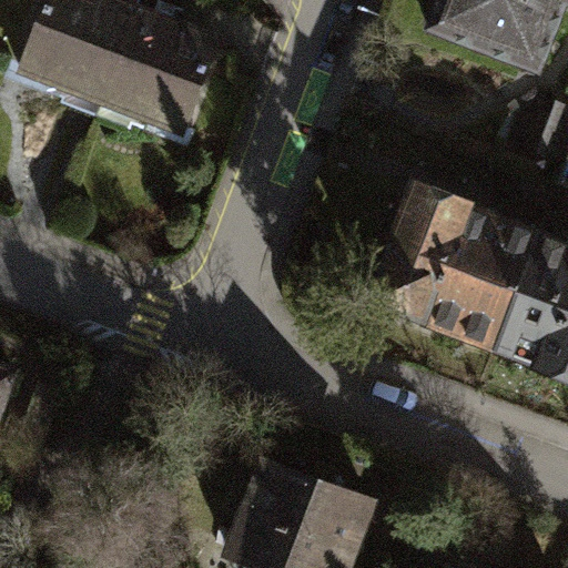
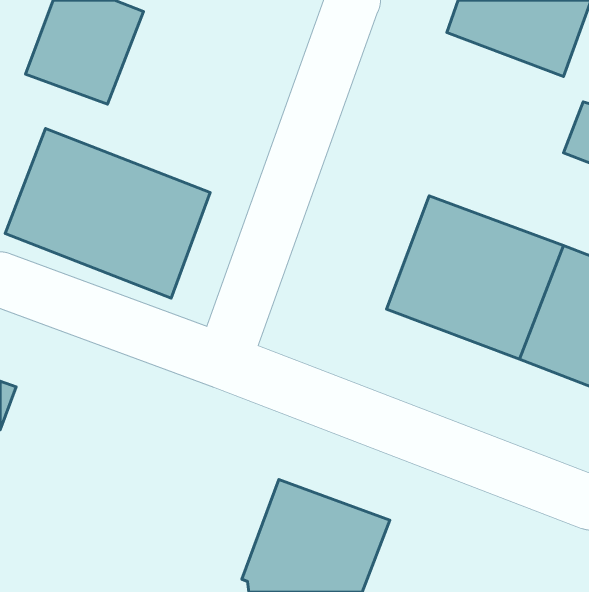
building: [105,11,222,131] -> none
building: none -> [5,129,210,298]

